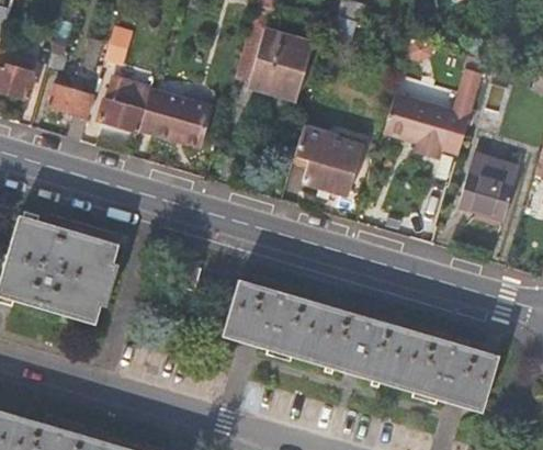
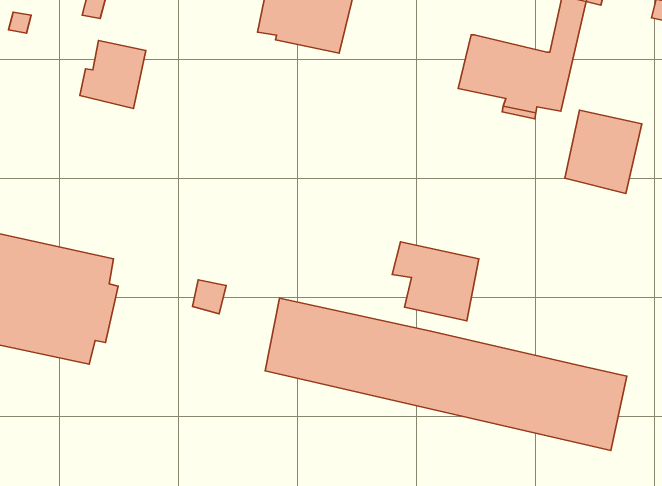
building: [47,85,94,142] -> none
building: [139,89,212,147] -> none
building: [294,132,360,194] -> [392,242,479,321]

